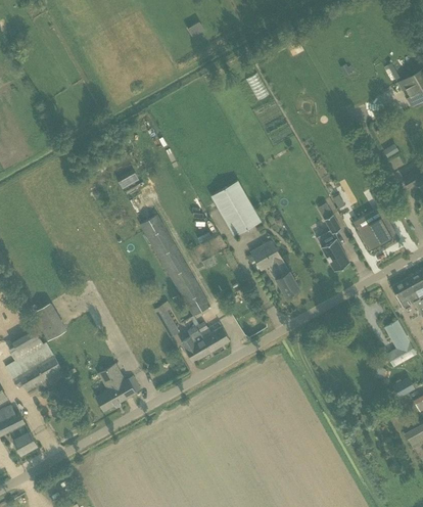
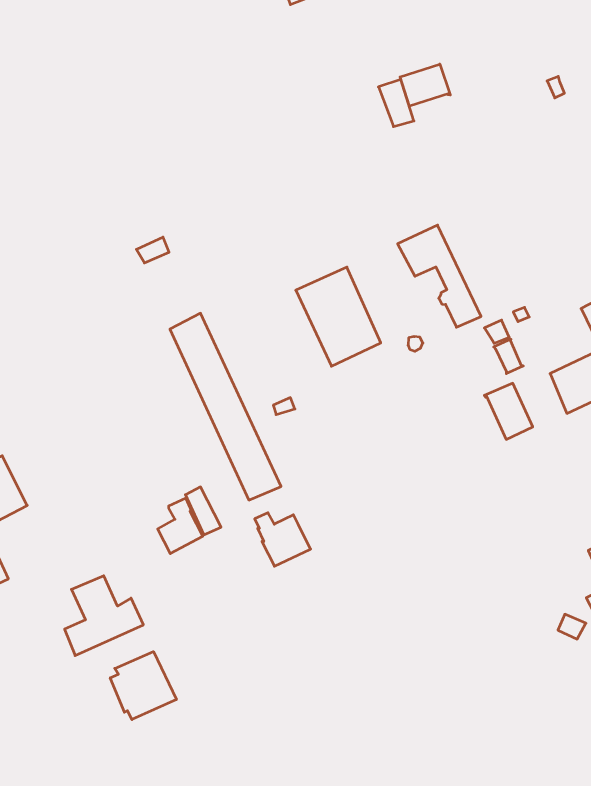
building: none -> [400,64,450,106]
building: [249,241,299,297] -> [398,225,481,327]
building: [185,331,210,363] -> [158,498,203,554]
building: none -> [110,652,176,720]

